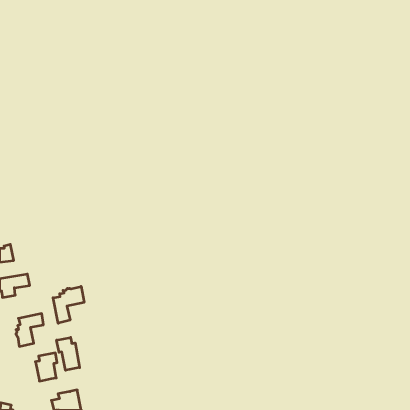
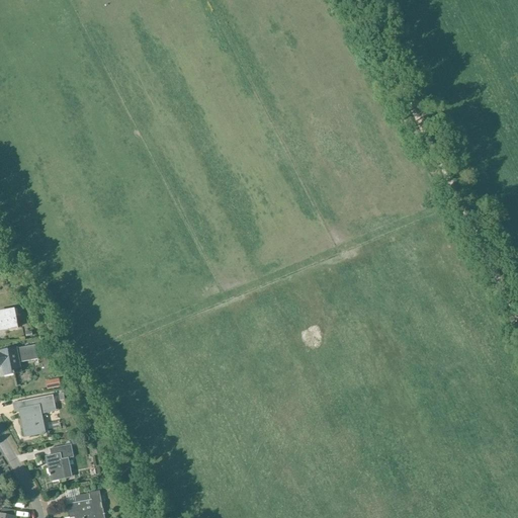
building: [53,286,84,323] -> none
building: [57,337,80,370] -> none

